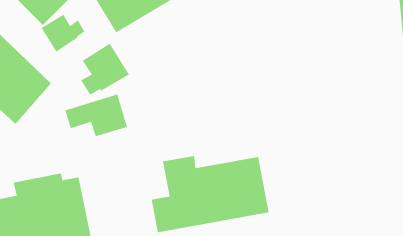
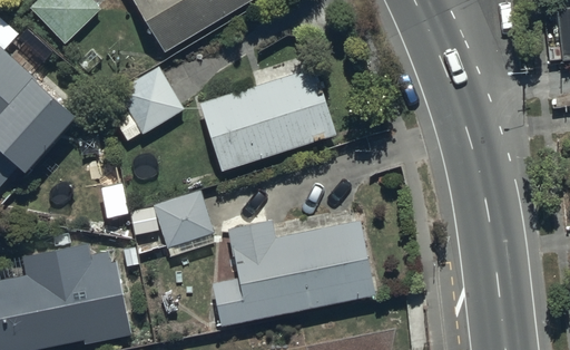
building: [41,14,85,52] -> none
building: none -> [199,70,336,174]
building: [64,94,128,137] -> [127,188,214,247]

